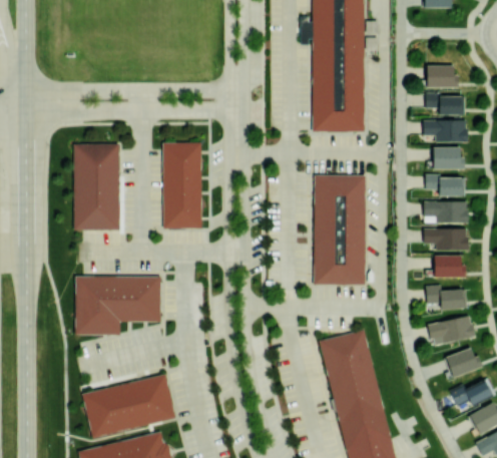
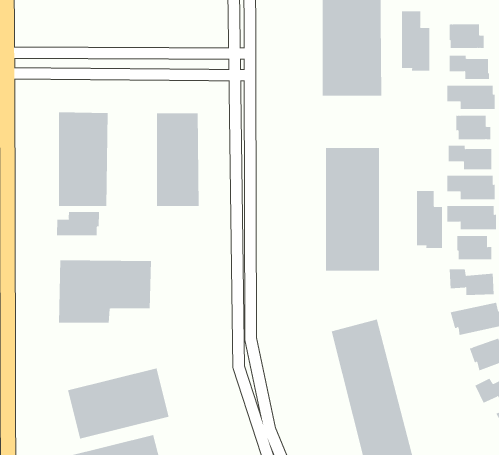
building: none -> [401,10,430,72]
building: none -> [416,190,443,249]
building: none -> [56,211,99,236]

